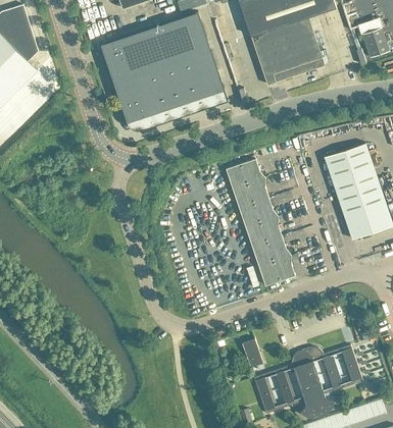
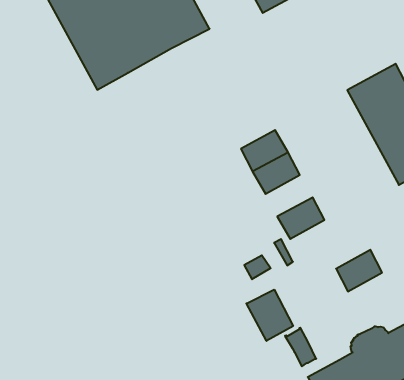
building: [226,159,261,189] -> none
building: [245,217,282,247] -> none
building: [258,256,294,285] -> [336,250,382,291]
building: none -> [246,290,293,341]

